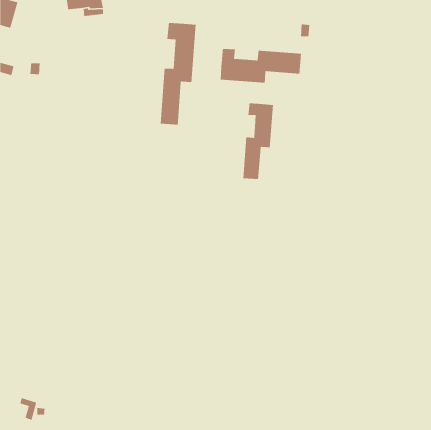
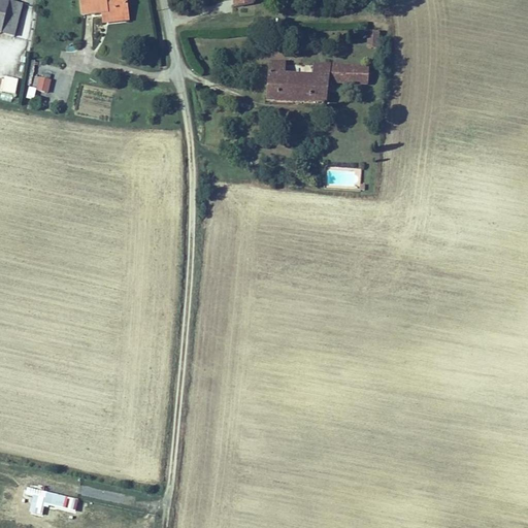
building: [160,22,196,125] -> none
building: [242,103,274,180] -> none

